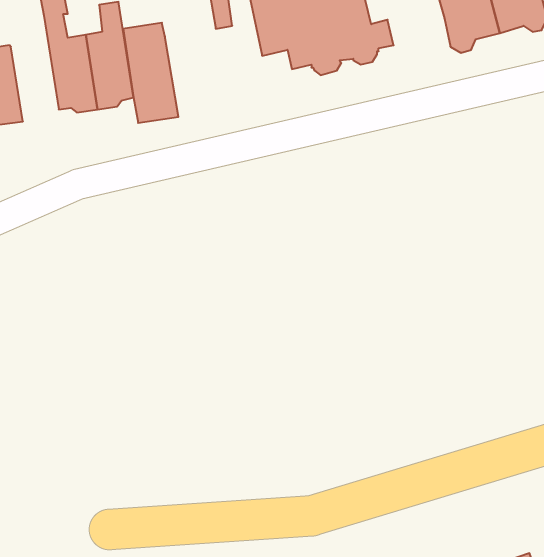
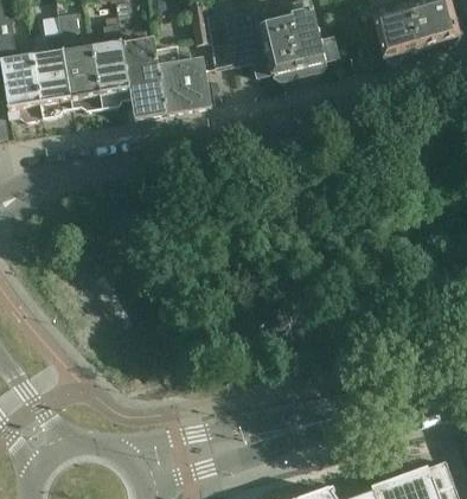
building: none -> [34,34,72,119]
building: none -> [156,47,211,115]

